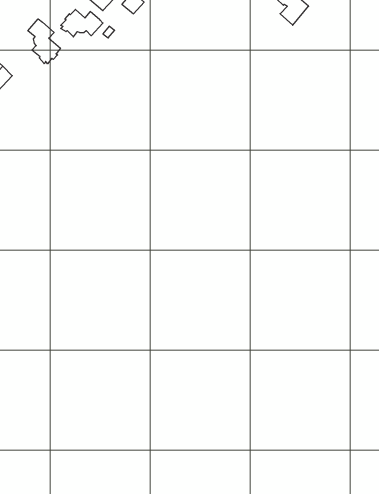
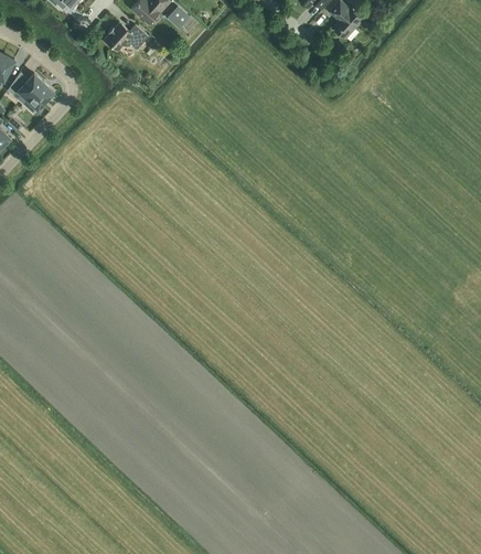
building: [28,19,60,64] -> none

